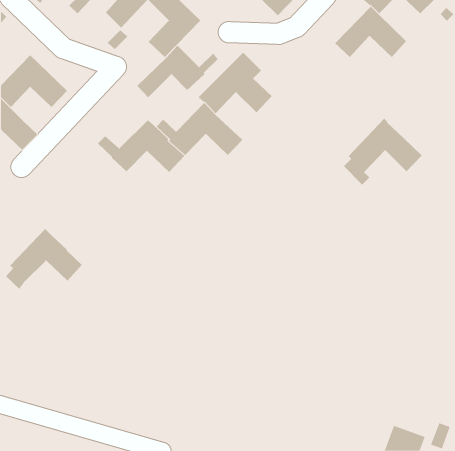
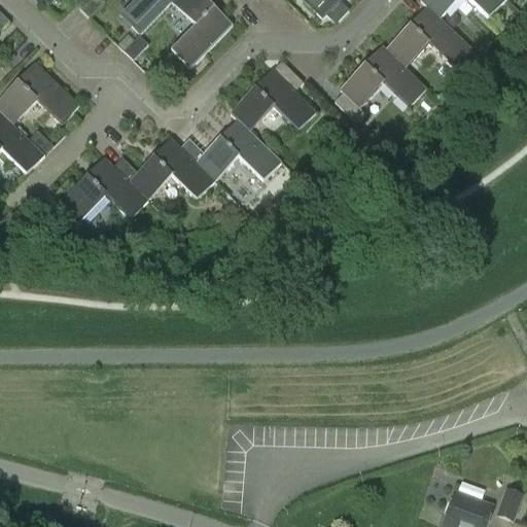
building: [136,45,219,98] -> none
building: [343,118,423,186] -> [335,44,426,122]
building: [5,228,83,290] -> [57,156,146,227]

